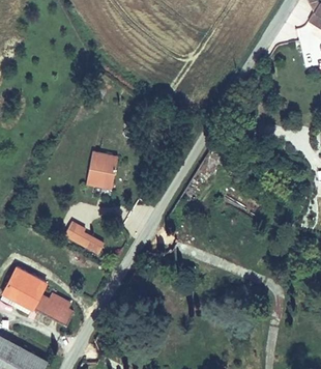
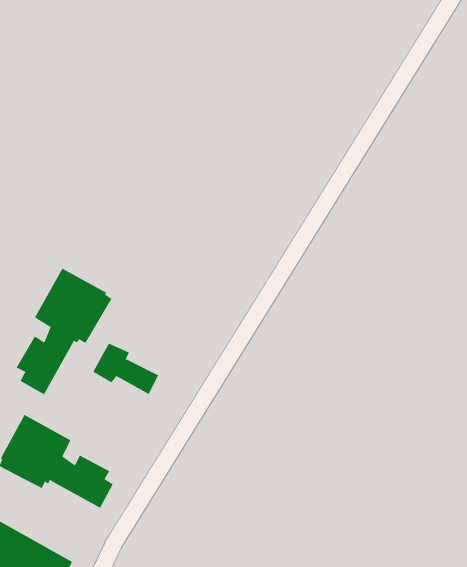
building: [87,152,118,190] -> none
building: none -> [16,268,112,395]

